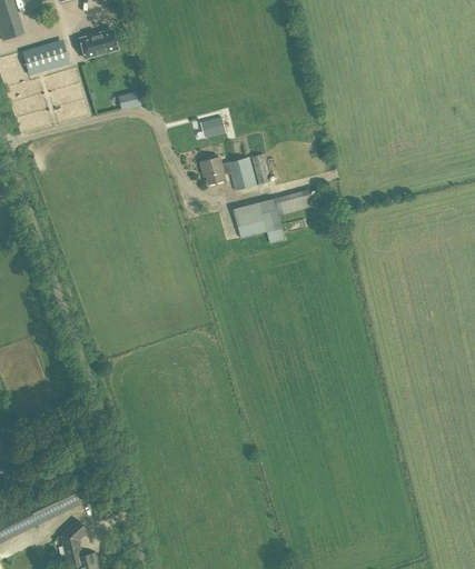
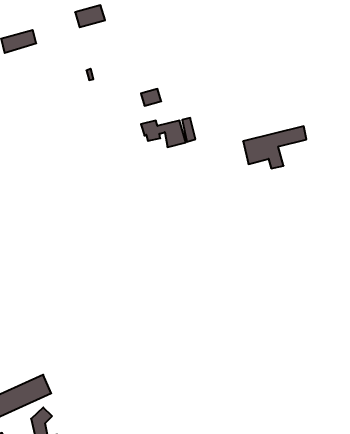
building: [78,30,116,58] -> [75,5,105,27]
building: [232,190,313,243] -> [243,126,306,168]

